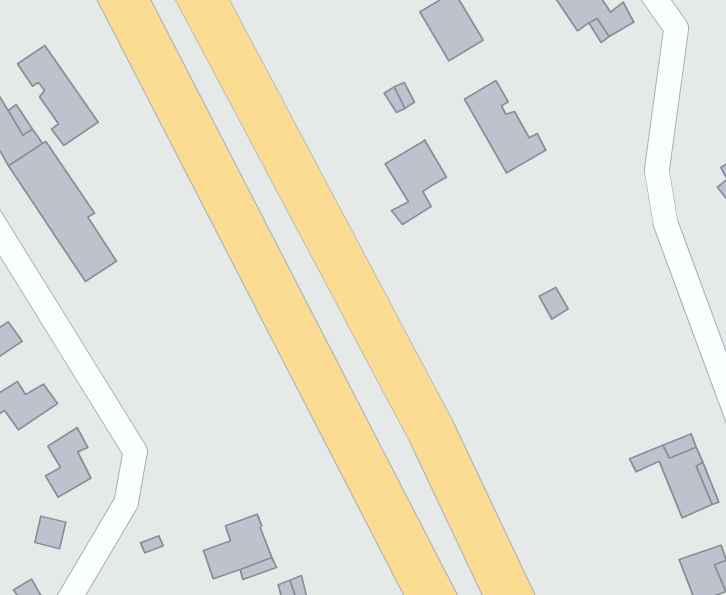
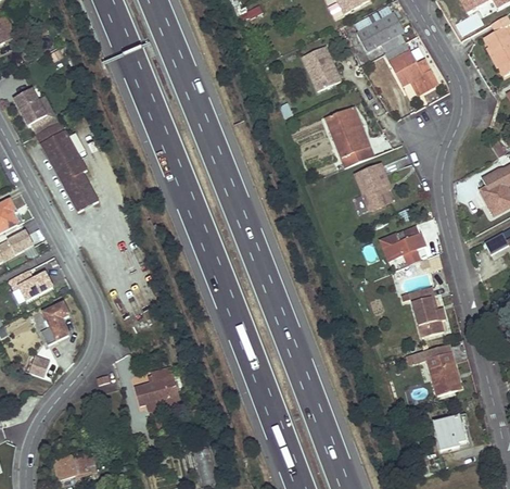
building: [17,46,98,145] -> none
building: [385,140,446,225] -> none
building: none -> [356,164,392,210]
building: none -> [380,226,424,265]
building: none -> [400,287,445,337]

